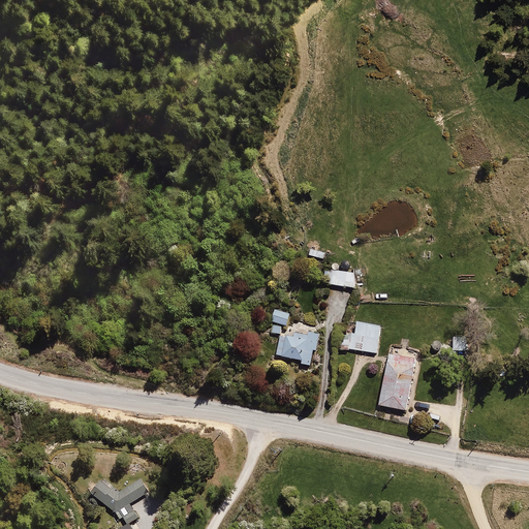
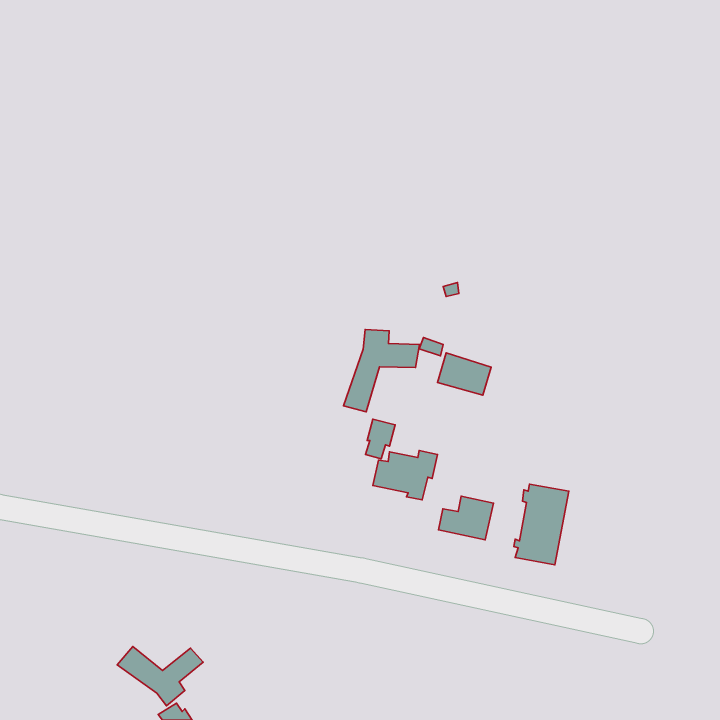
building: none -> [343,330,419,412]
building: [340,322,380,354] -> [438,496,493,540]

